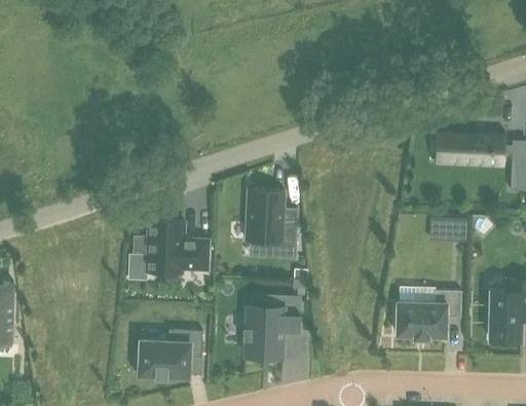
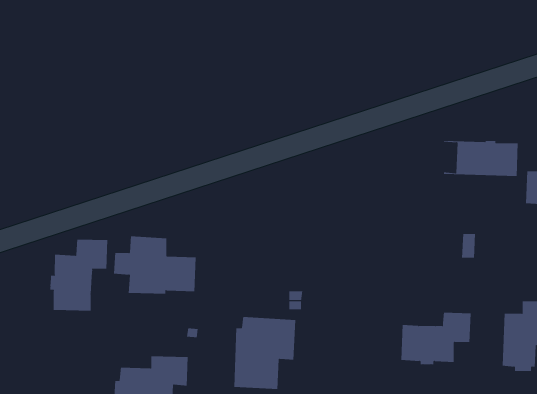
building: [246,189,297,258] -> none
building: none -> [50,239,108,312]

